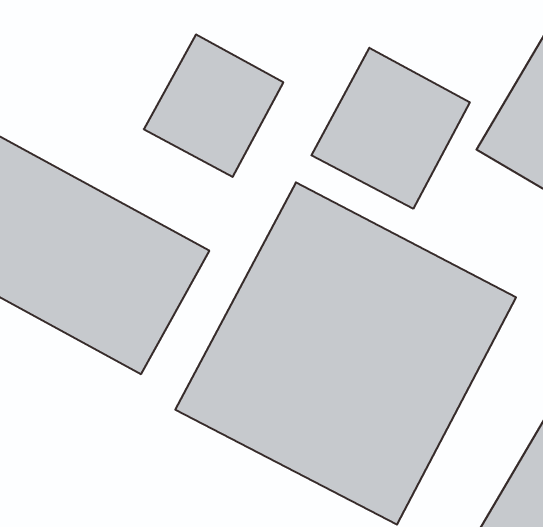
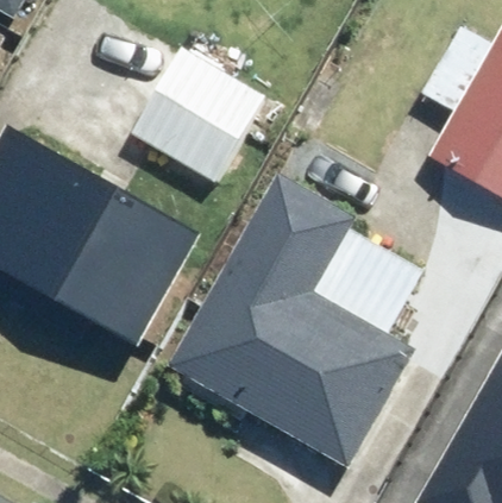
building: [311,48,470,209] -> none

